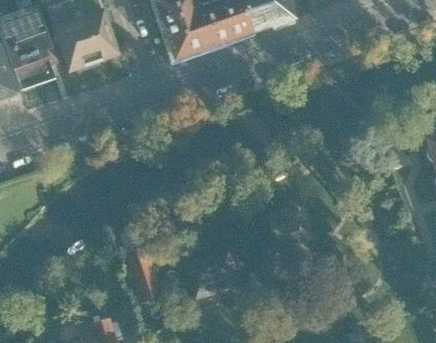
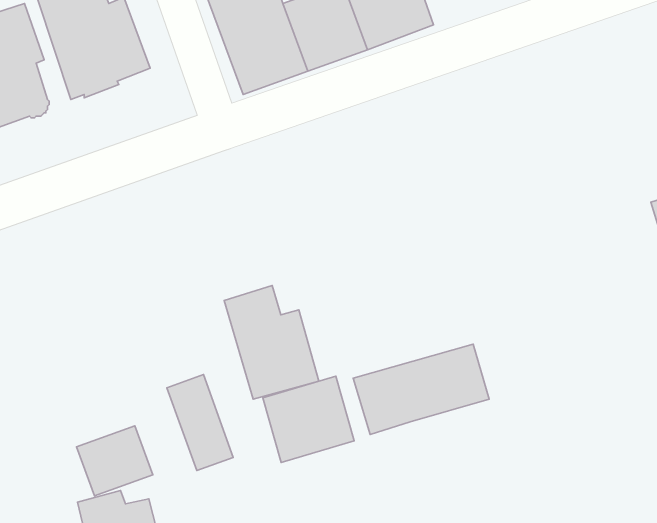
building: none -> [224,285,319,399]
building: none -> [353,344,489,434]
building: none -> [77,426,153,496]

